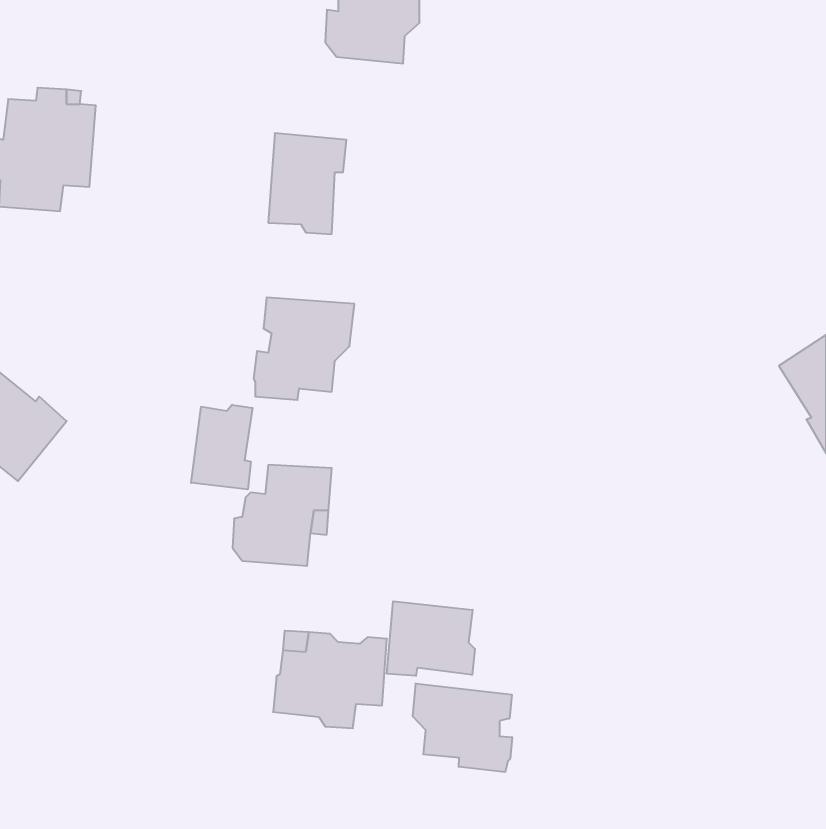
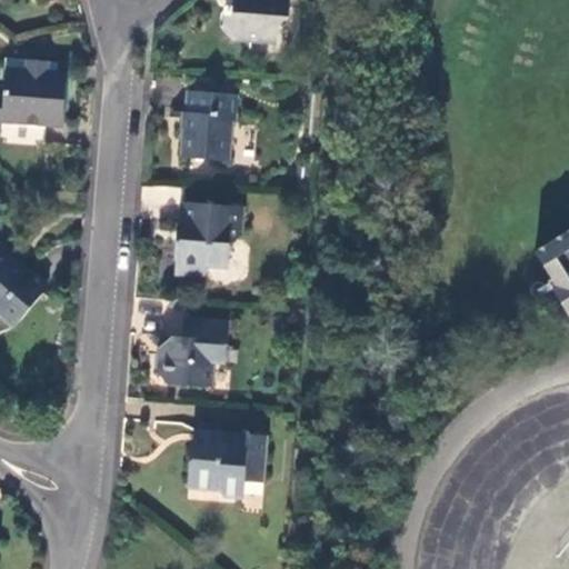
building: [191,405,252,489] -> none
building: [387,601,475,676] -> none
building: [413,683,512,772] -> none

